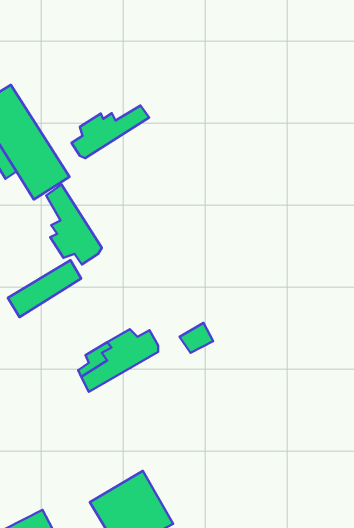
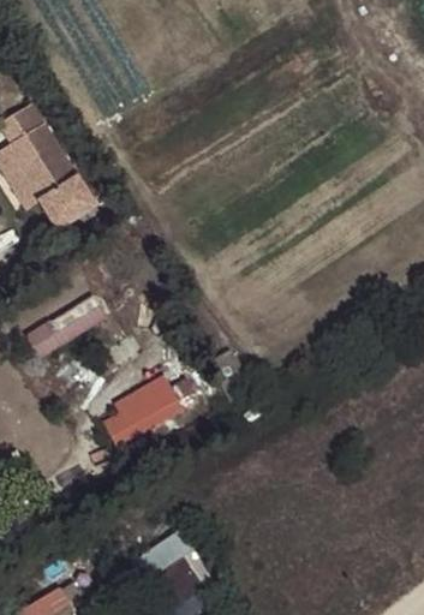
building: [72,106,149,158] -> none
building: [46,184,102,265] -> none

